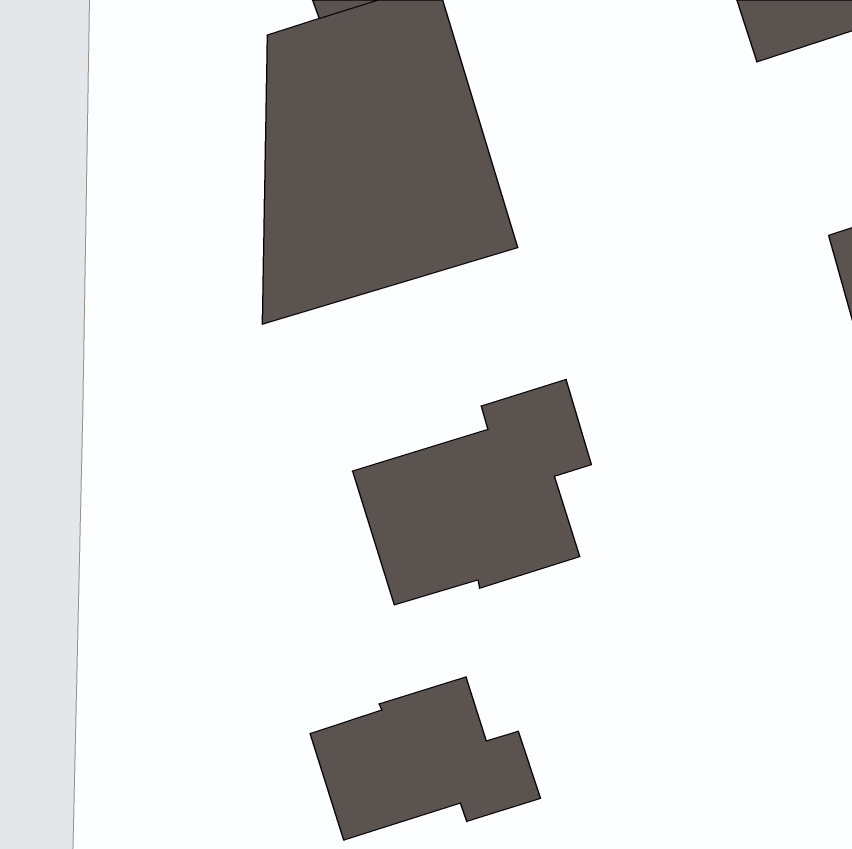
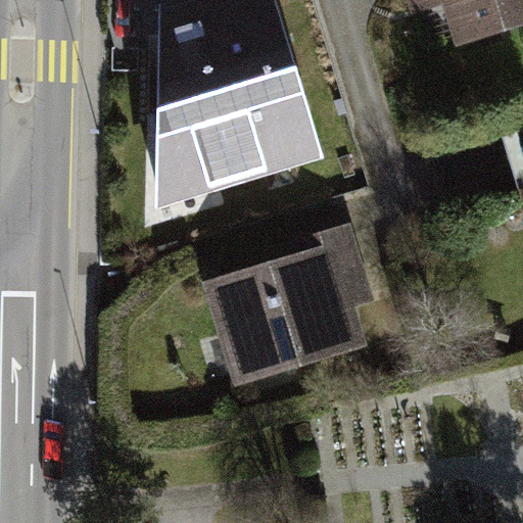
building: [310,677,541,840] -> none

